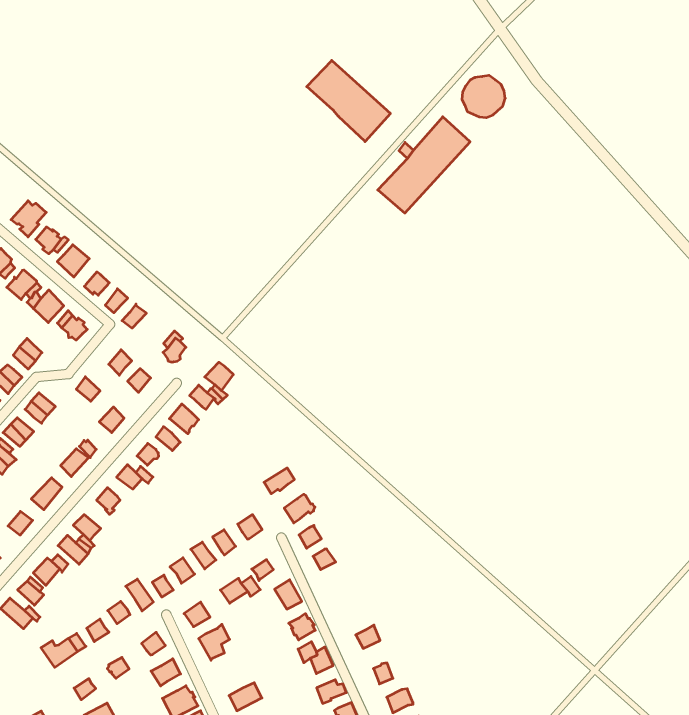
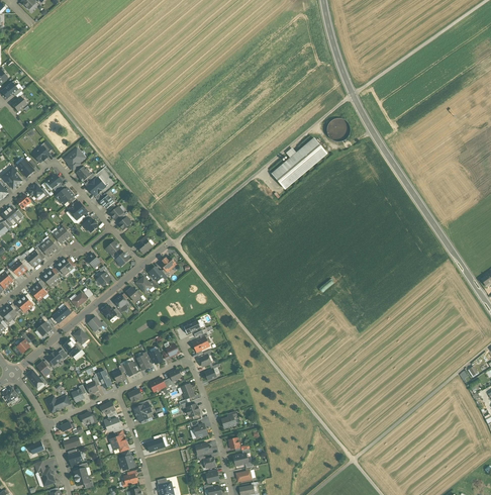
building: [307,60,390,142] -> none

